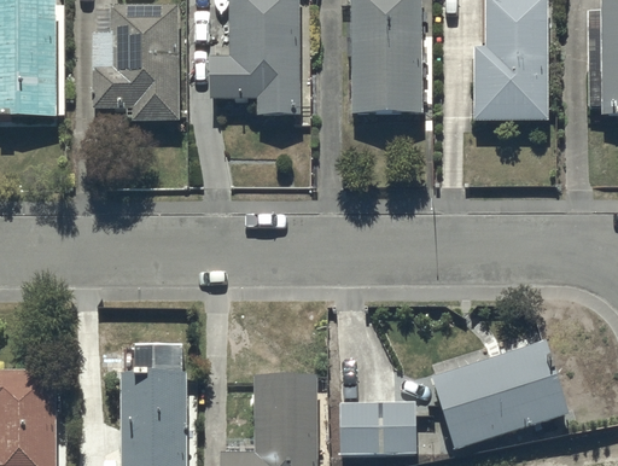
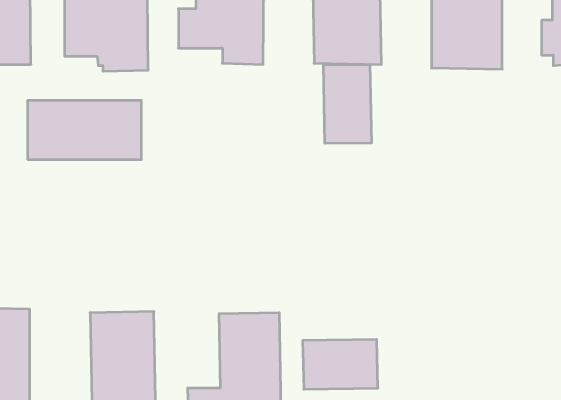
building: none -> [323,64,371,143]
building: none -> [28,100,141,160]
building: [432,331,570,452] -> none

